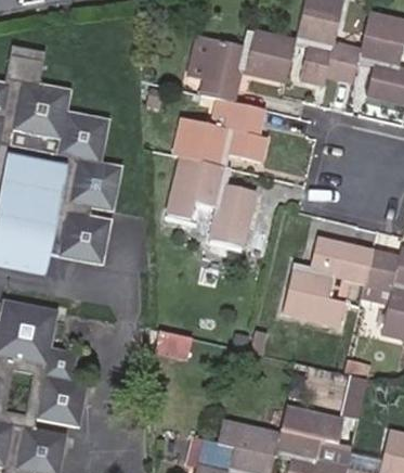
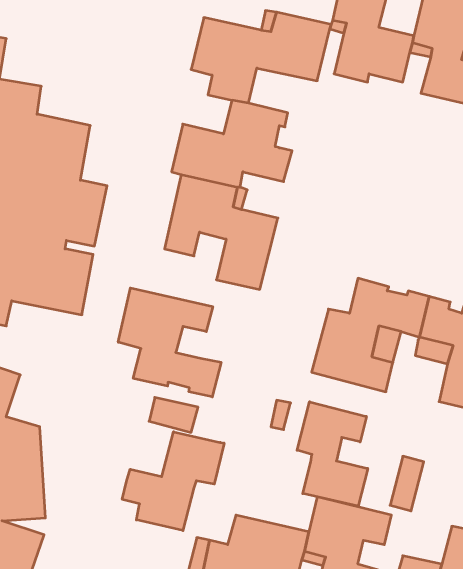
building: none -> [118,288,221,397]
building: none -> [297,402,368,506]
building: none -> [122,432,224,531]

